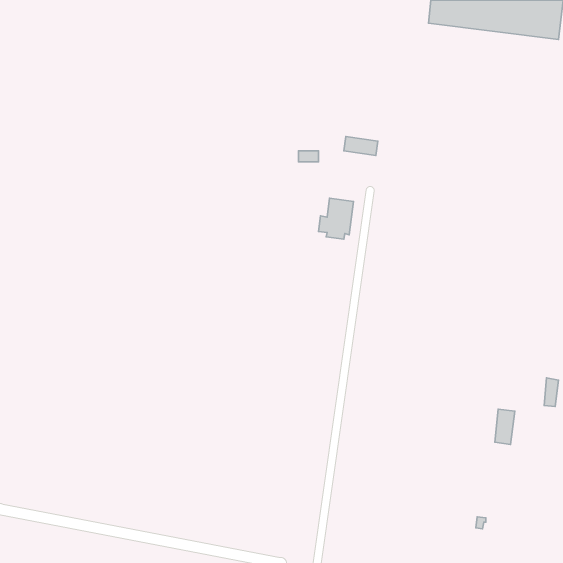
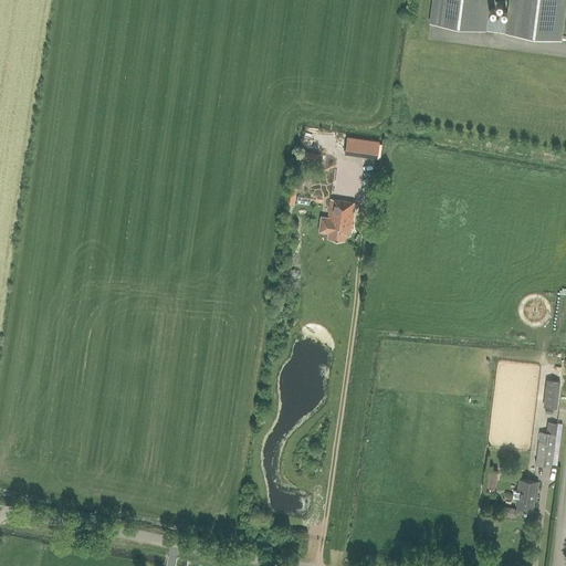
building: [495,409,515,444] -> [536,432,556,468]
building: none -> [516,480,538,513]

